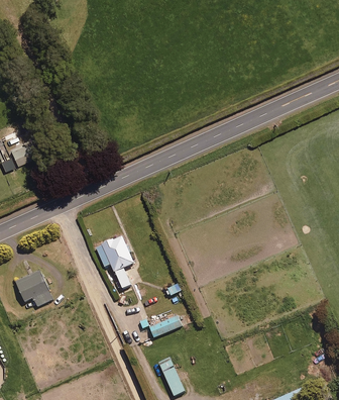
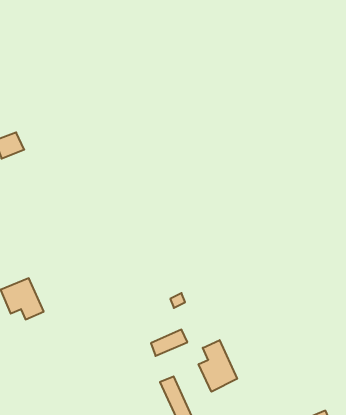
building: [96,236,134,289] -> none
building: none -> [199,340,237,392]

